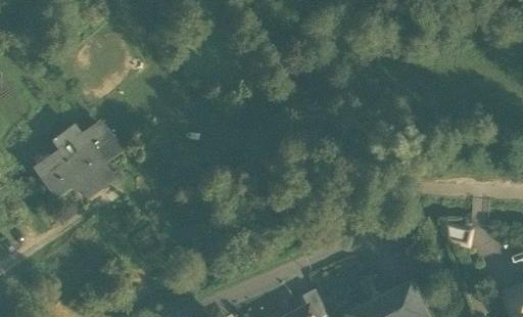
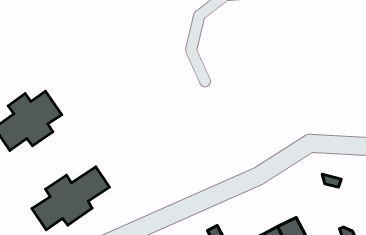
building: none -> [32,167,110,230]

